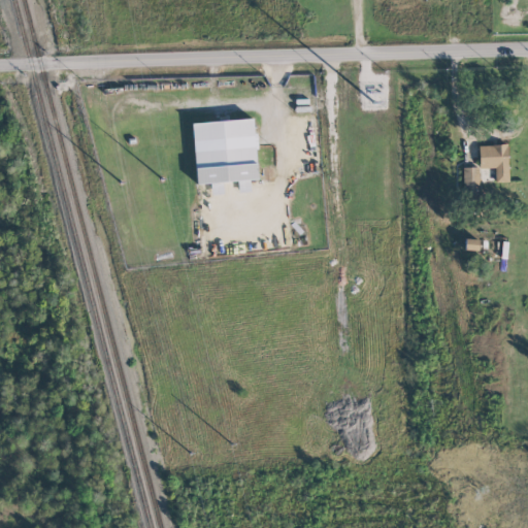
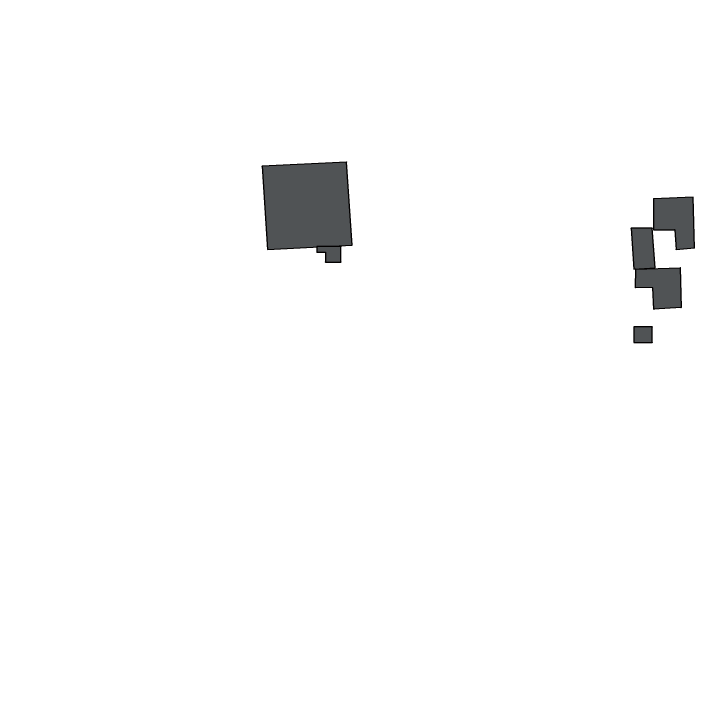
building: none -> [635,268,681,309]

